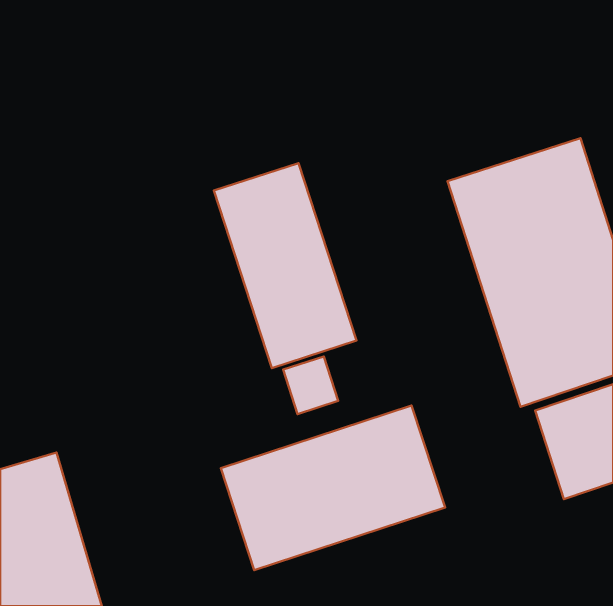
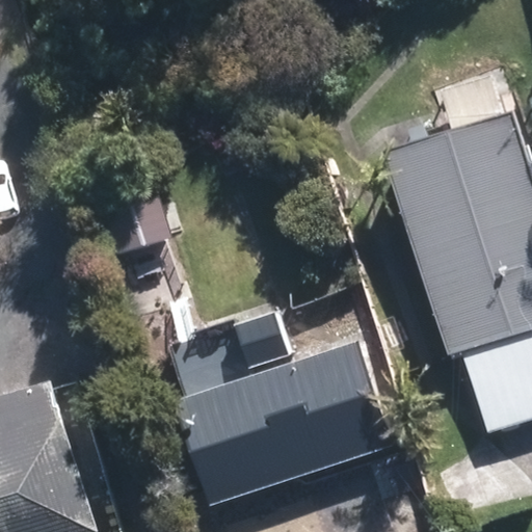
building: [214,163,356,368] -> none

